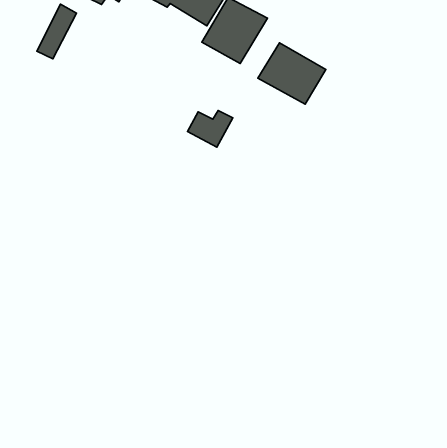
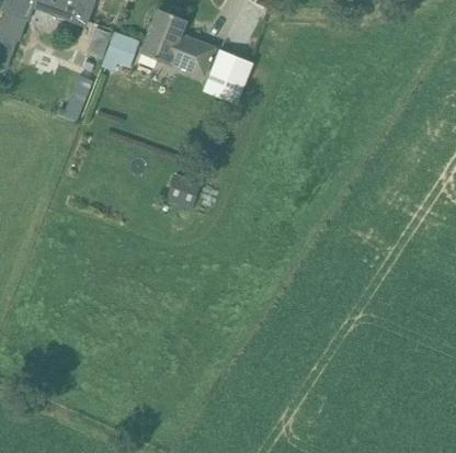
building: [258,43,326,104] -> none
building: [187,111,233,147] -> [164,177,201,207]

